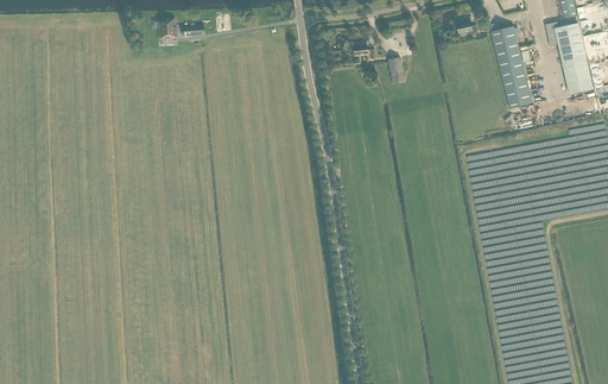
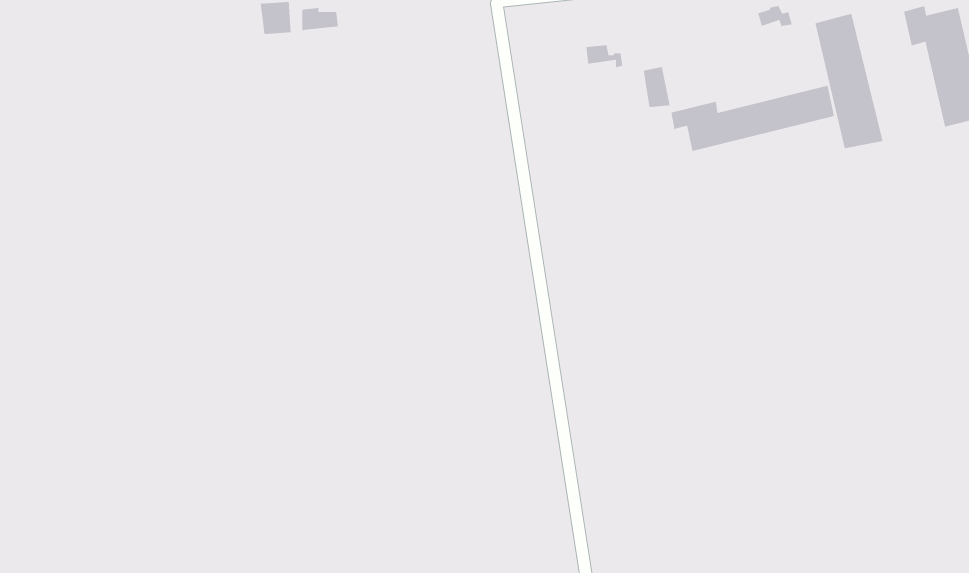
building: none -> [671,85,835,152]

